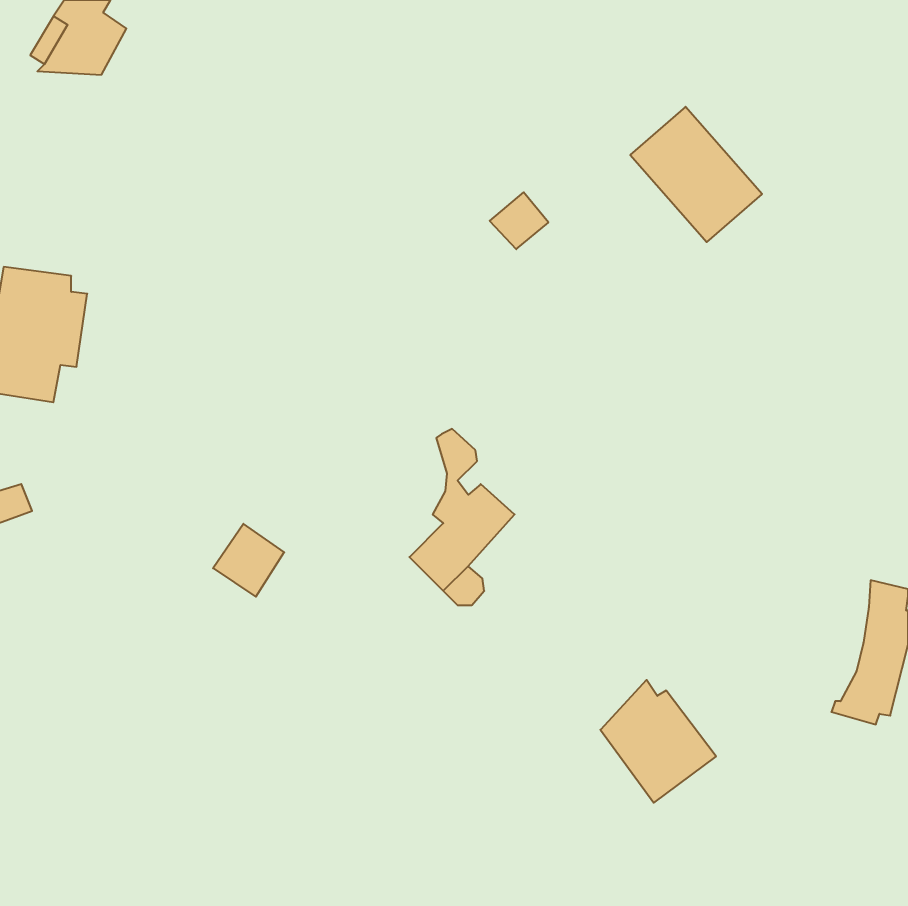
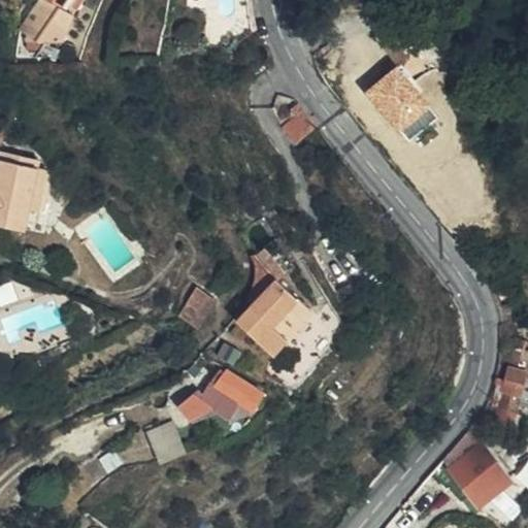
building: [213,524,284,597] -> [173,287,214,329]
building: none -> [202,375,264,421]
building: [600,680,716,803] -> [440,434,507,505]
building: none -> [148,421,187,463]

